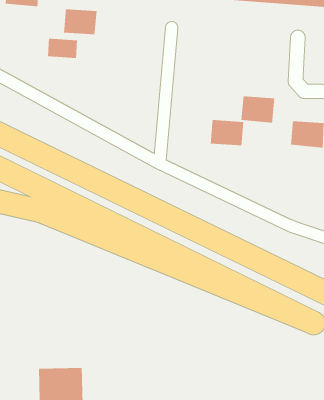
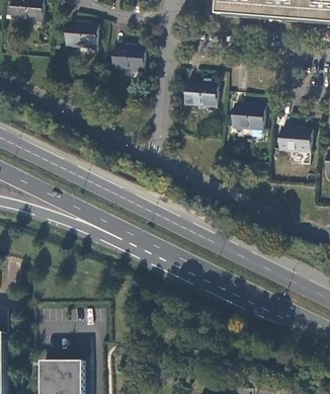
building: none -> [109,45,142,70]
building: [47,38,78,59] -> none
building: [210,119,244,146] -> [182,81,215,106]

